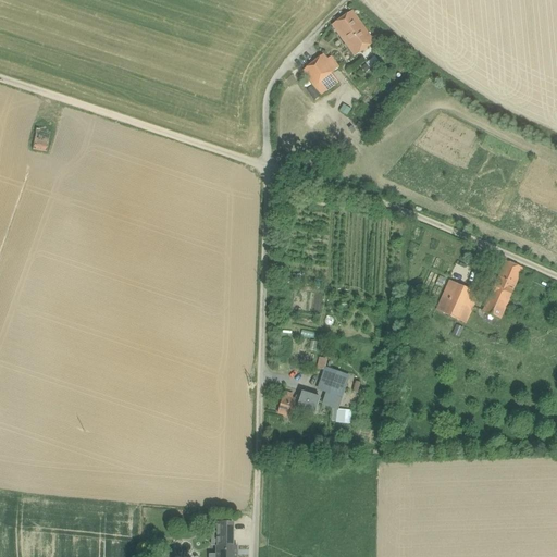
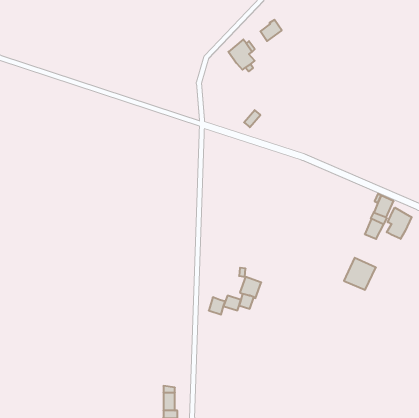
building: [332,10,363,41] -> none
building: none -> [387,208,412,239]
building: [435,278,478,321] -> [344,258,376,290]

